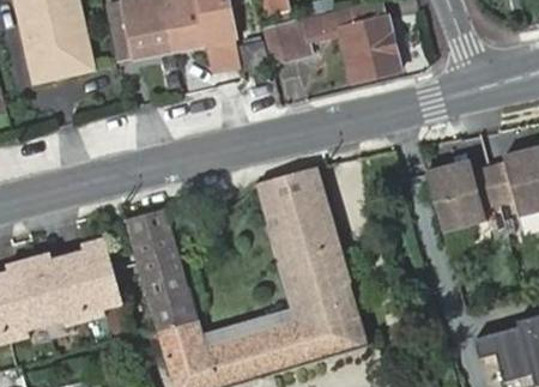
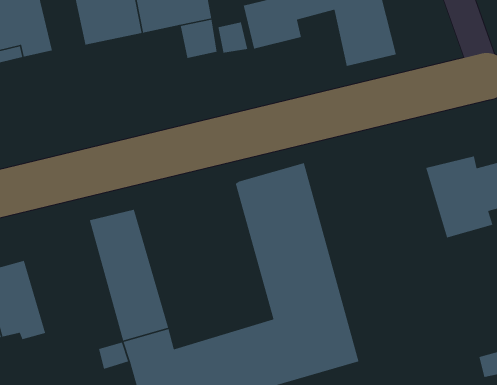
building: [67,236,126,320] -> none

